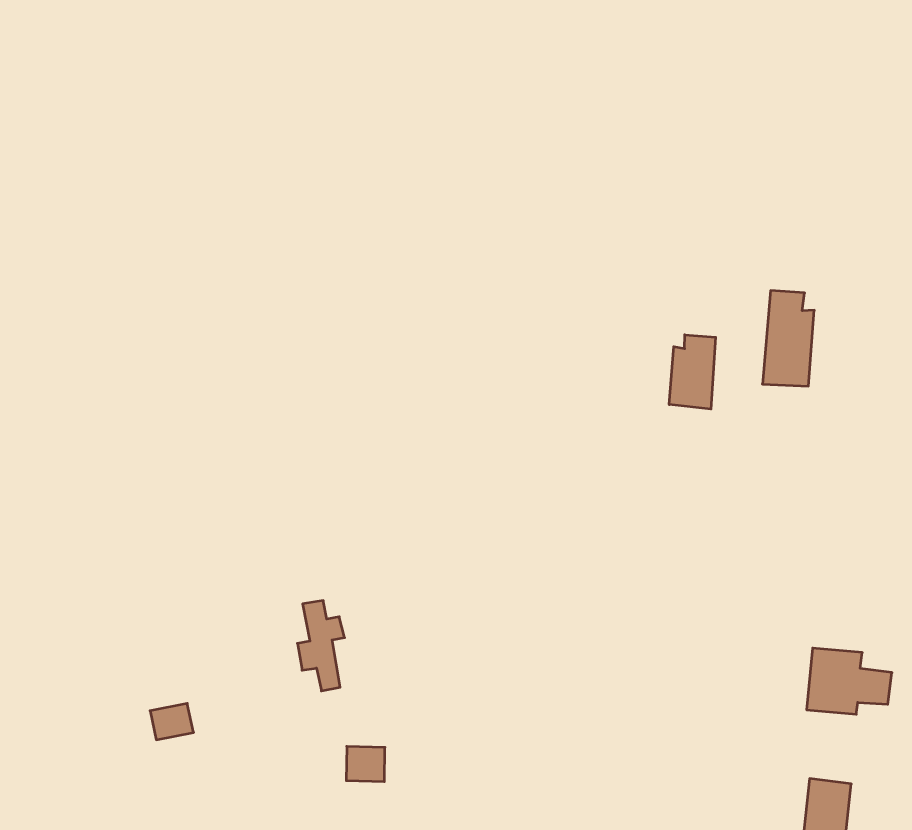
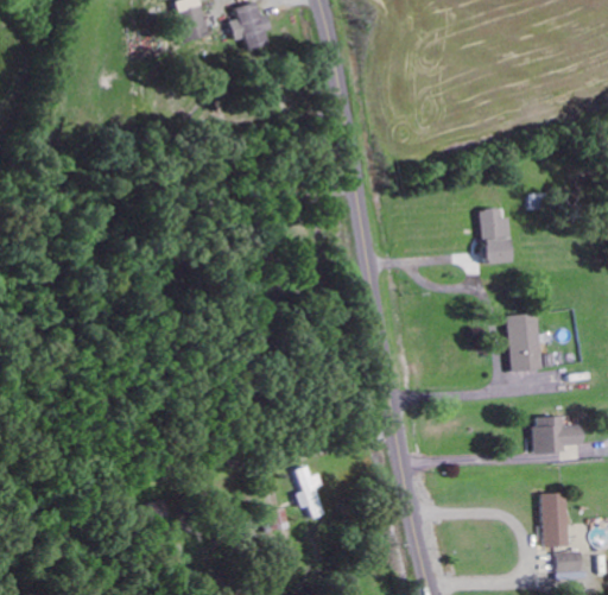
building: [669,335,716,409] -> none
building: none -> [506,314,540,372]
building: [297,601,345,691] -> [296,466,324,519]

